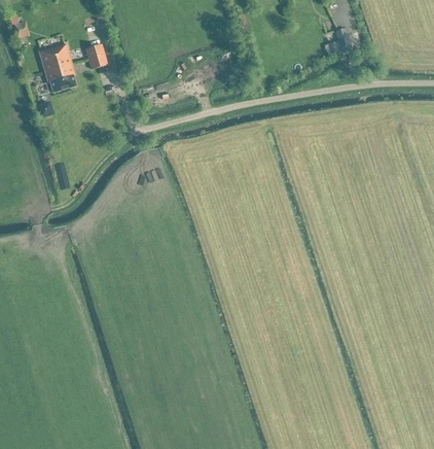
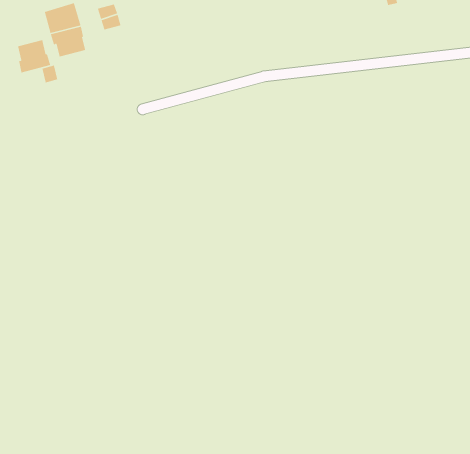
building: none -> [17,39,51,73]

